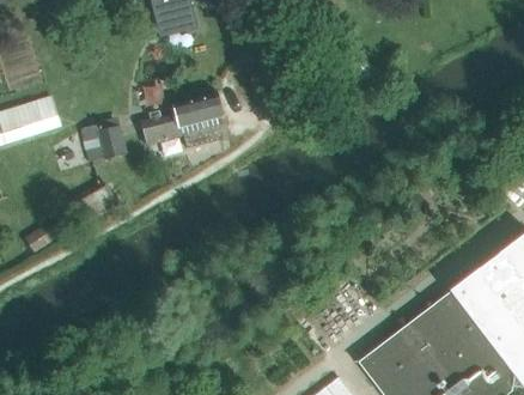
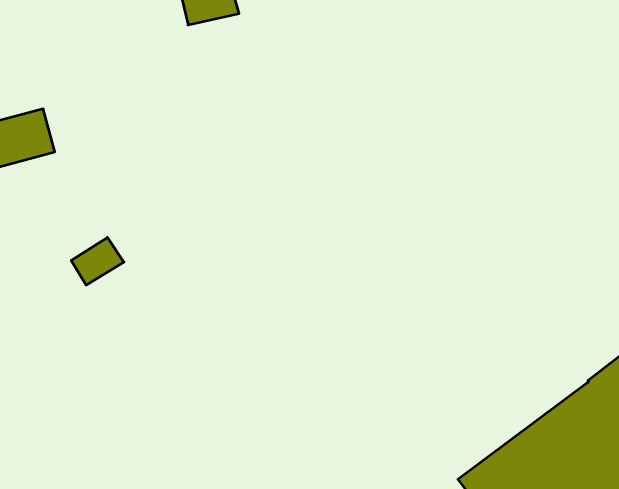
building: [140,92,224,147] -> none
building: [80,124,128,160] -> none

